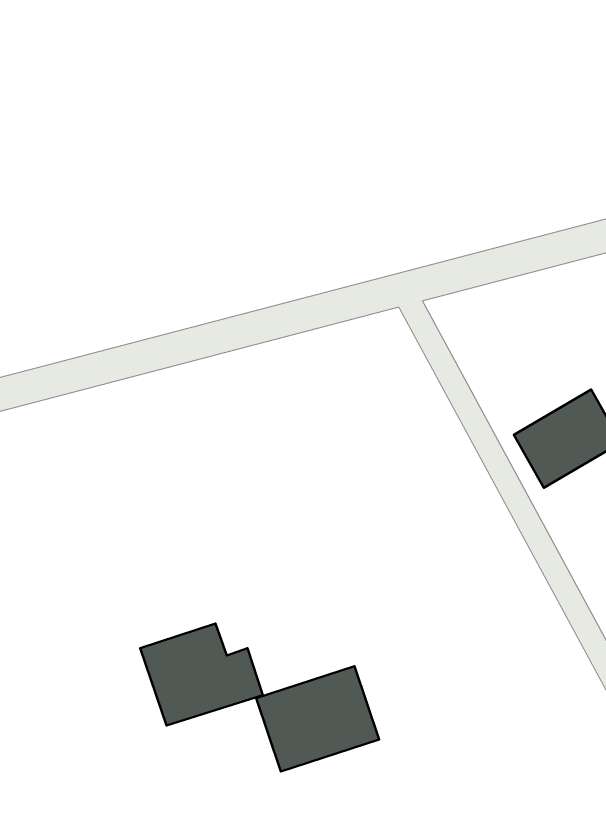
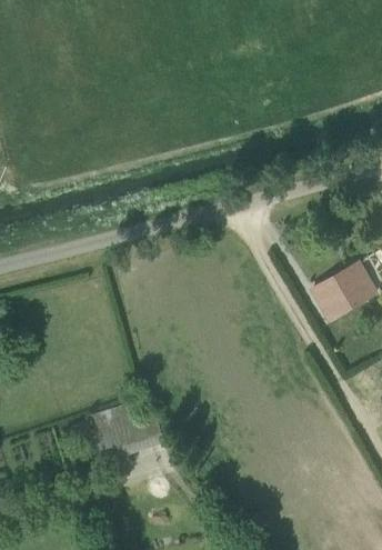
building: [256,666,379,771] -> none

